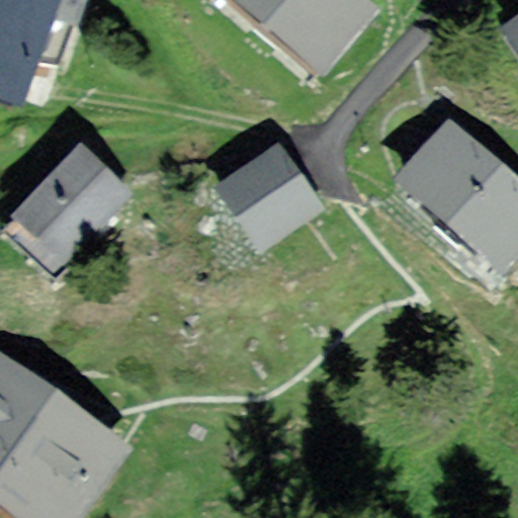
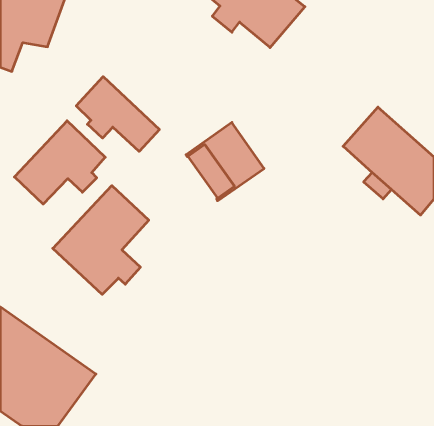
building: none -> [76,77,159,151]
building: none -> [53,186,149,294]

